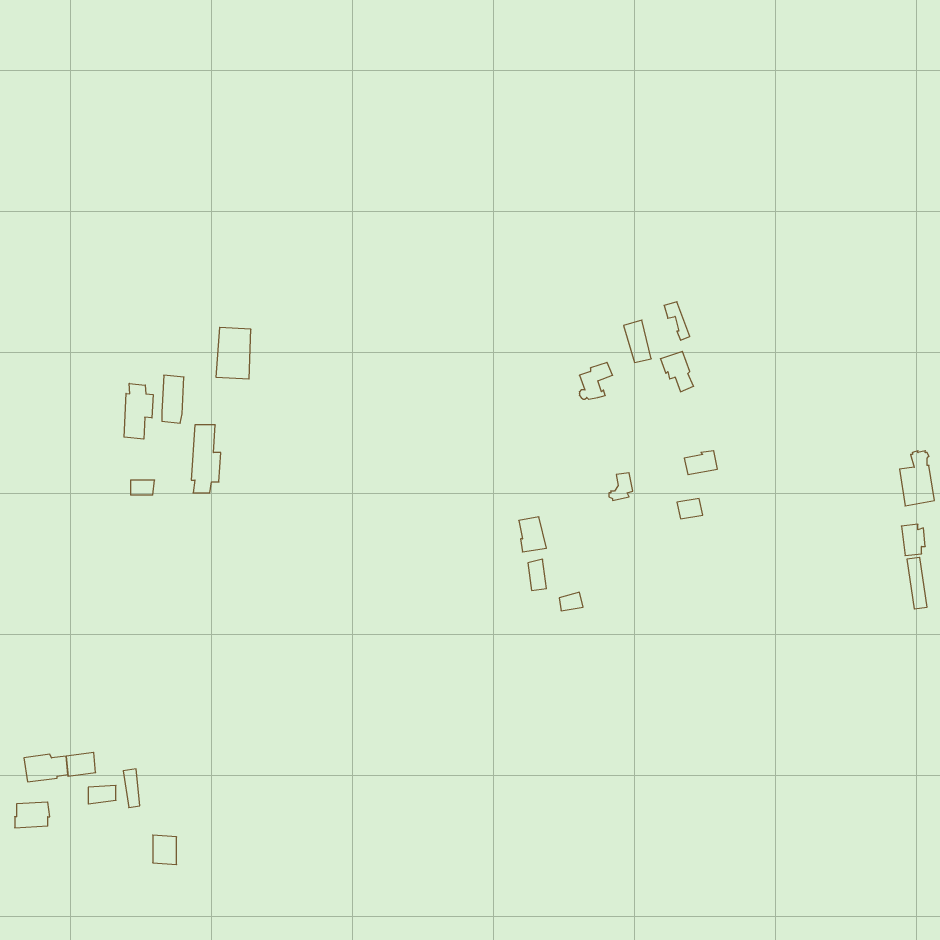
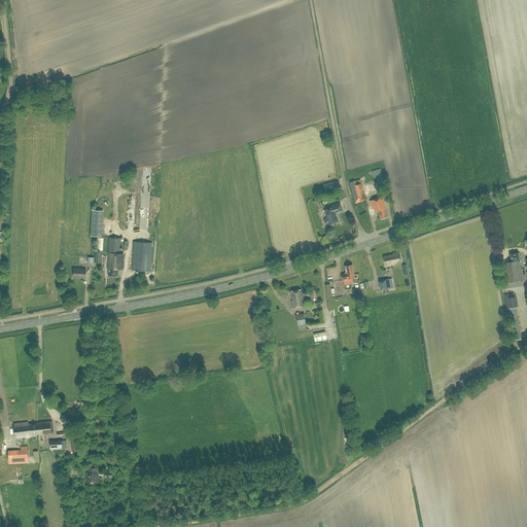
building: [216,327,251,379] -> [132,242,151,271]
building: [124,383,153,439] -> none

